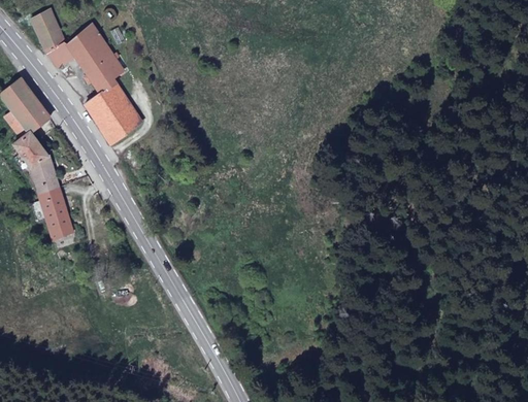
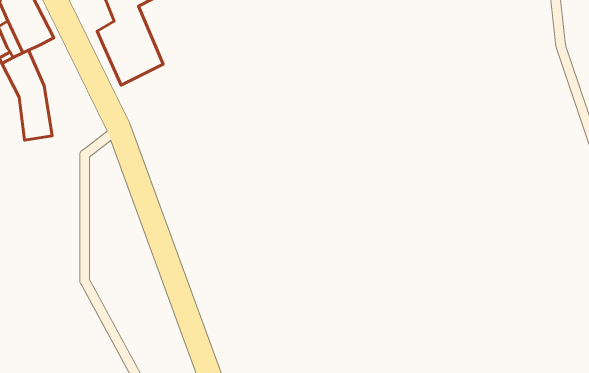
building: [40,196,74,241] -> none

